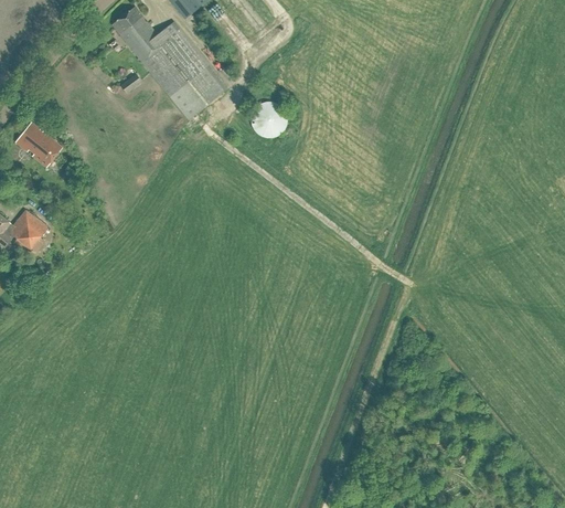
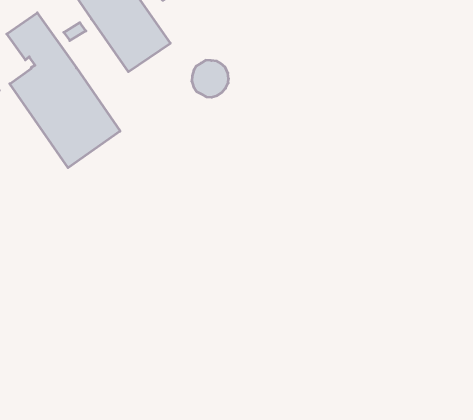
building: none -> [7,13,120,168]

